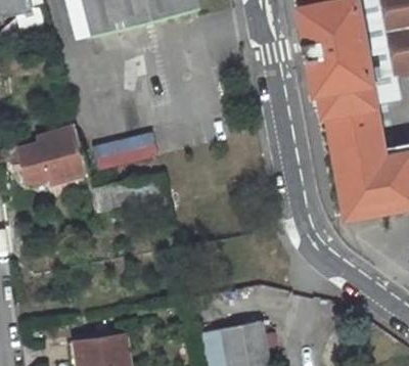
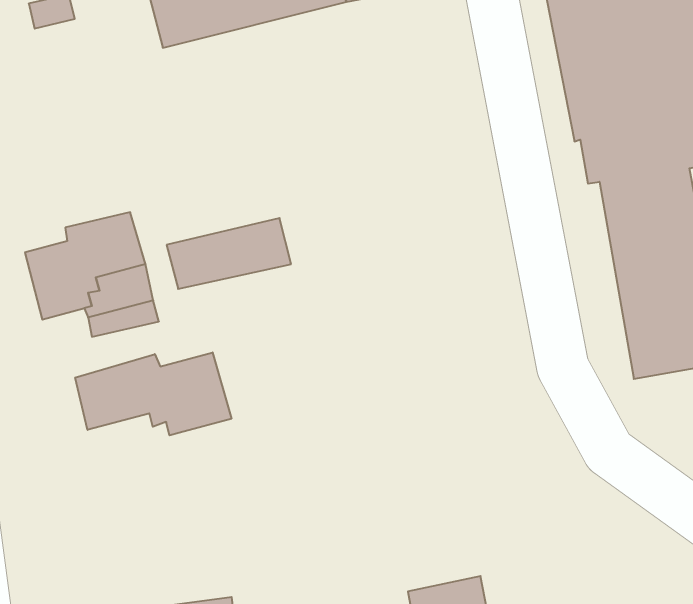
building: none -> [75,352,231,435]

